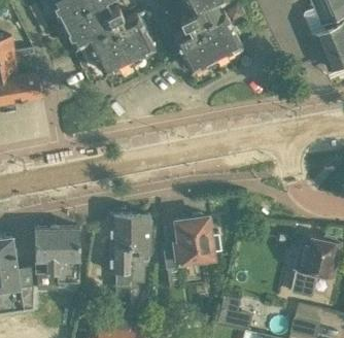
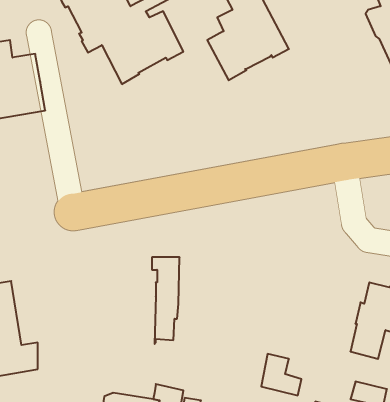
building: [109,215,132,286] -> none
building: [164,217,221,270] -> none
building: [34,229,80,288] -> none

